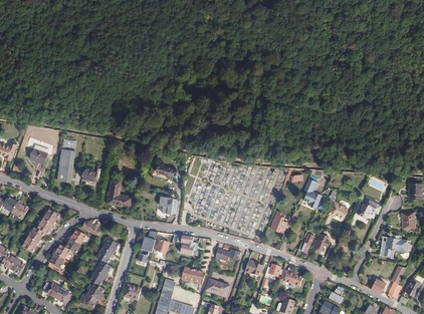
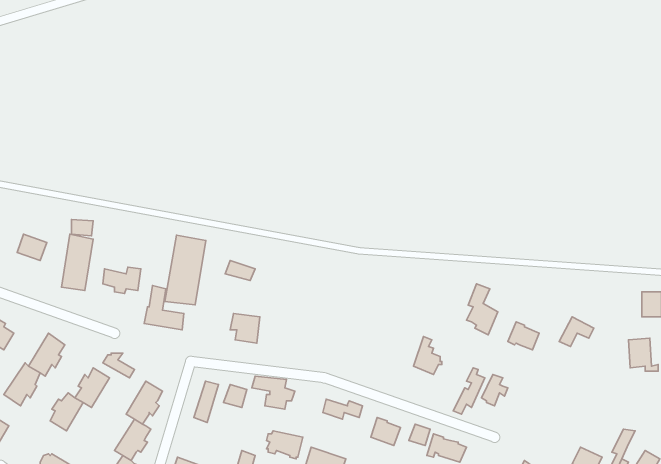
building: none -> [165,235,206,305]
building: [381,234,411,256] -> none

